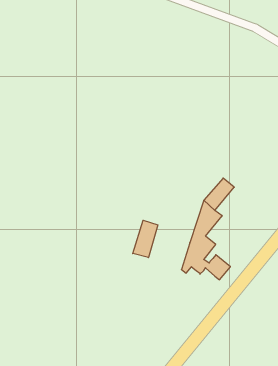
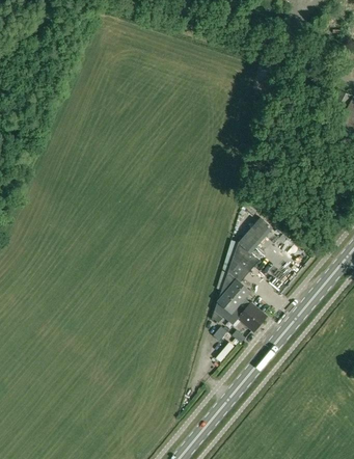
building: [133,220,158,258] -> none

